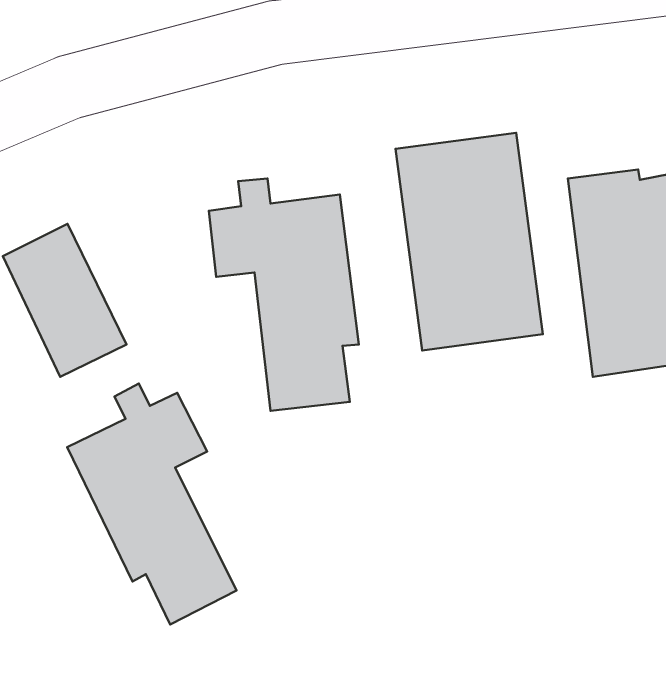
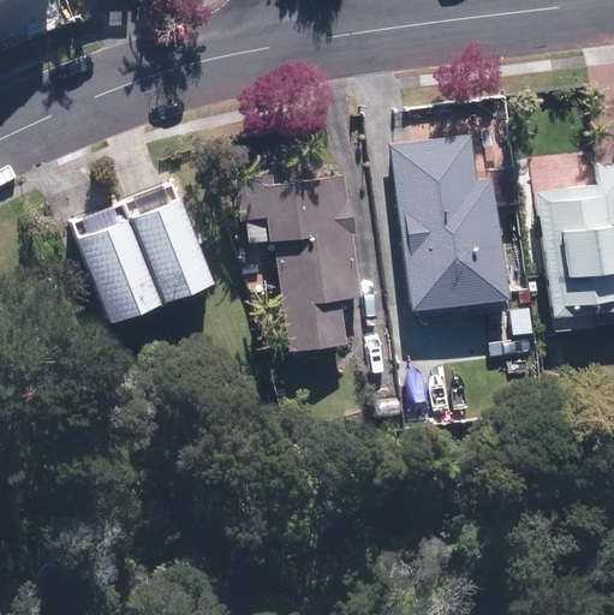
building: none -> [121,180,217,301]
building: [67,384,237,624] -> none

